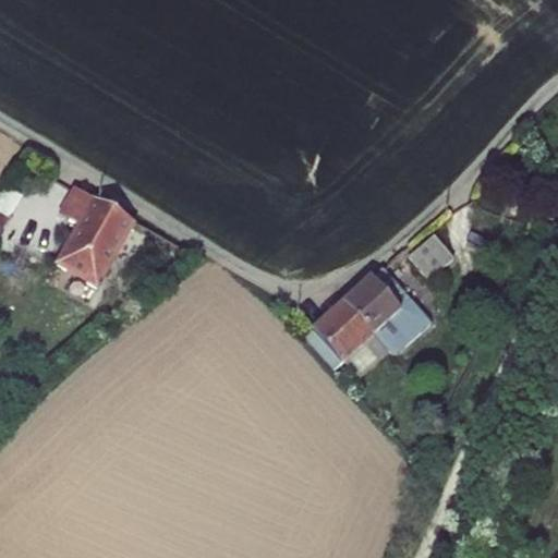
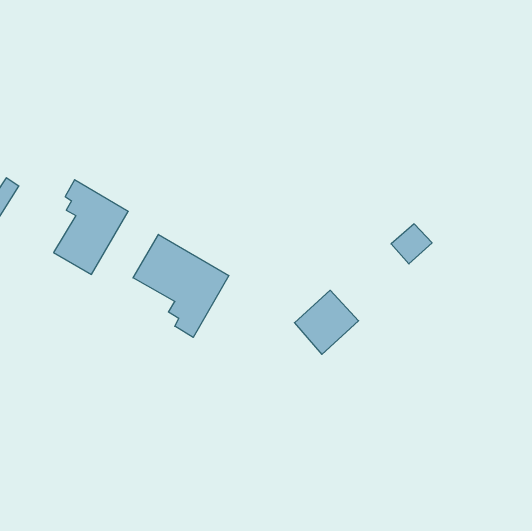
building: none -> [133,234,229,337]
building: [342,267,422,336] -> none

